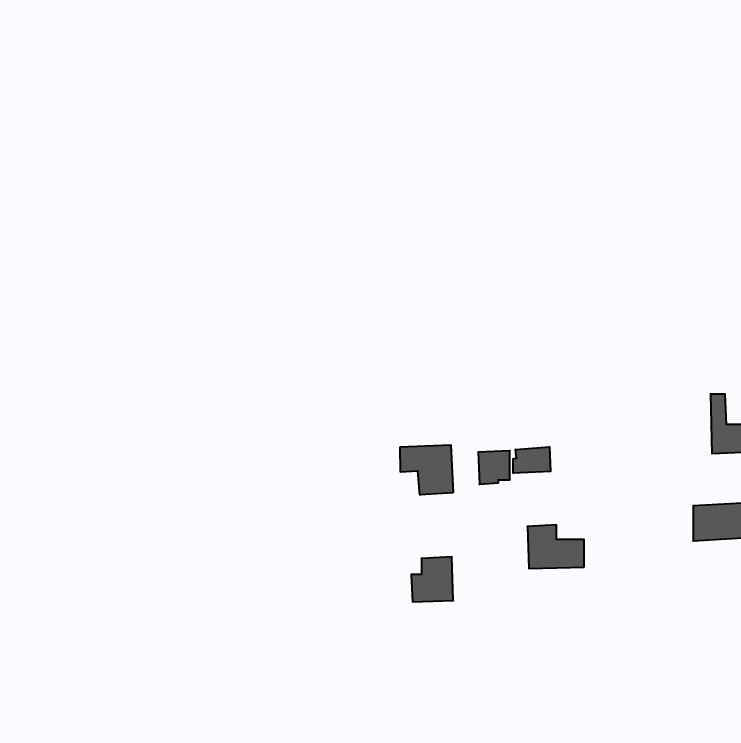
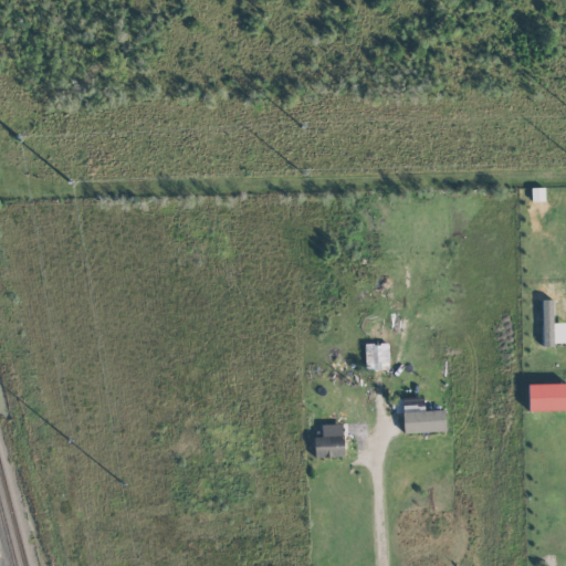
building: [400,445,453,495] -> none
building: [513,447,551,473] -> none

